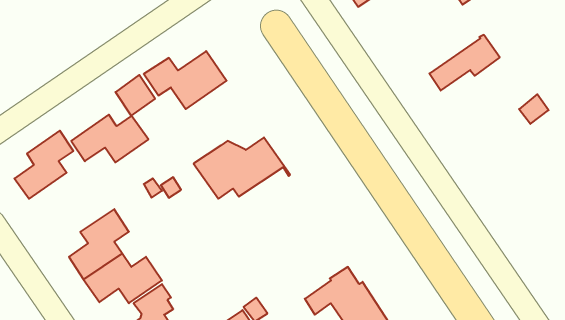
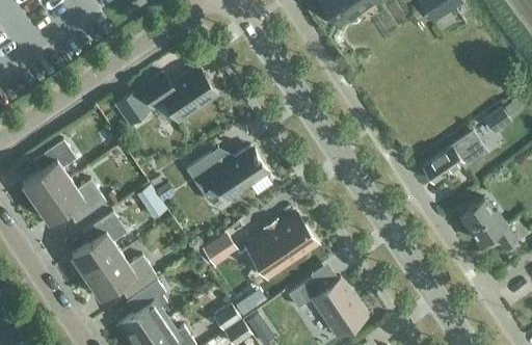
building: [429,35,500,91] -> [423,132,487,183]
building: [71,115,148,162] -> [35,179,106,222]
building: none -> [461,200,516,250]
building: none -> [247,214,317,277]
building: none -> [202,234,238,267]

